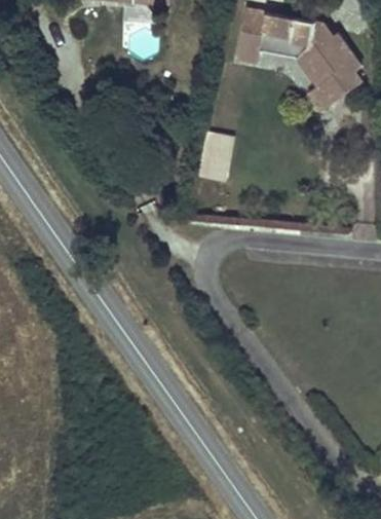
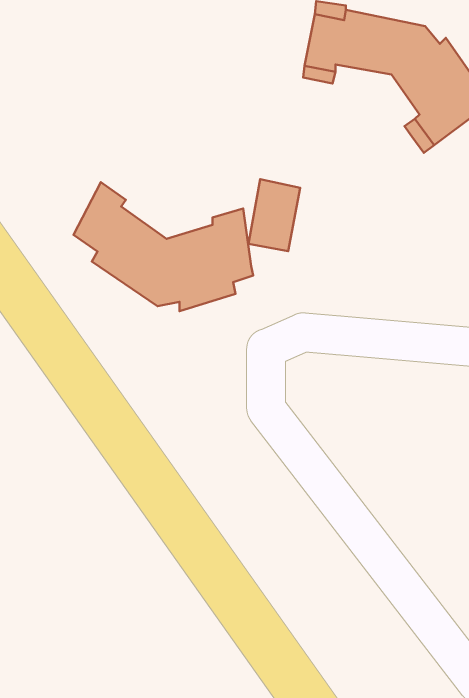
building: none -> [73,182,253,311]

